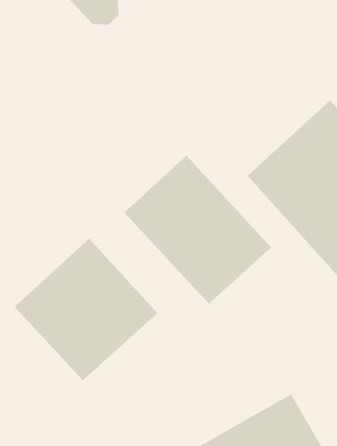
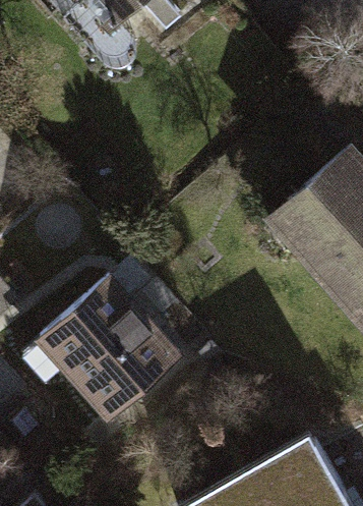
building: [123,155,272,304] -> none

